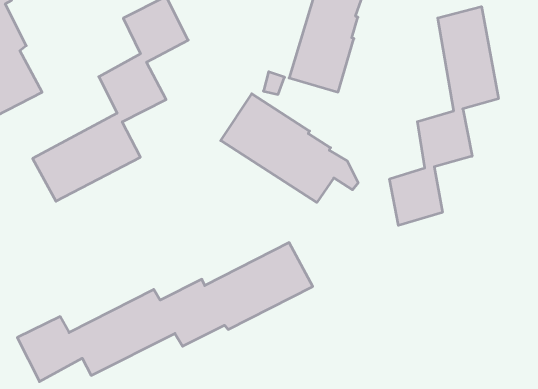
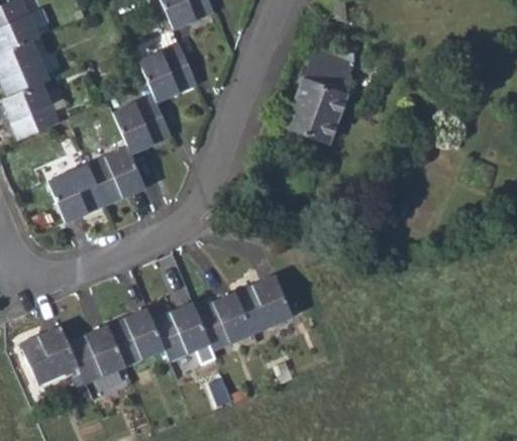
building: [390,7,498,225] -> none
building: [221,94,358,202] -> none

